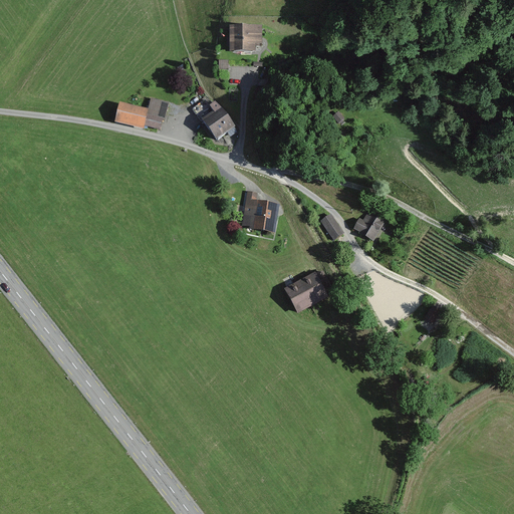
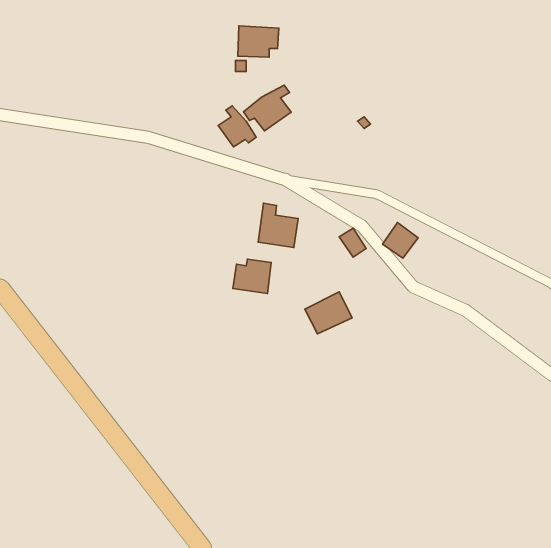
building: none -> [243,85,291,131]
building: [110,97,168,132] -> none
building: none -> [233,259,271,294]

